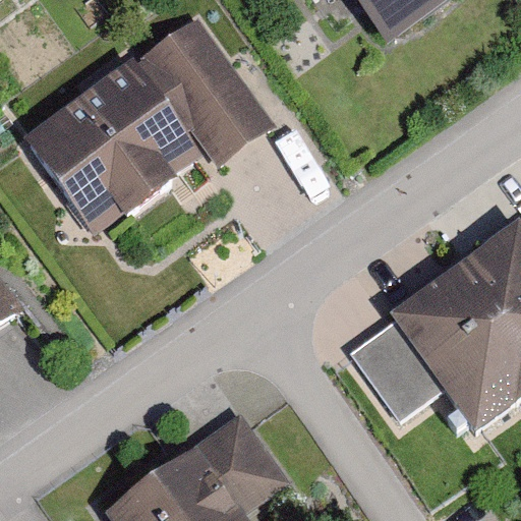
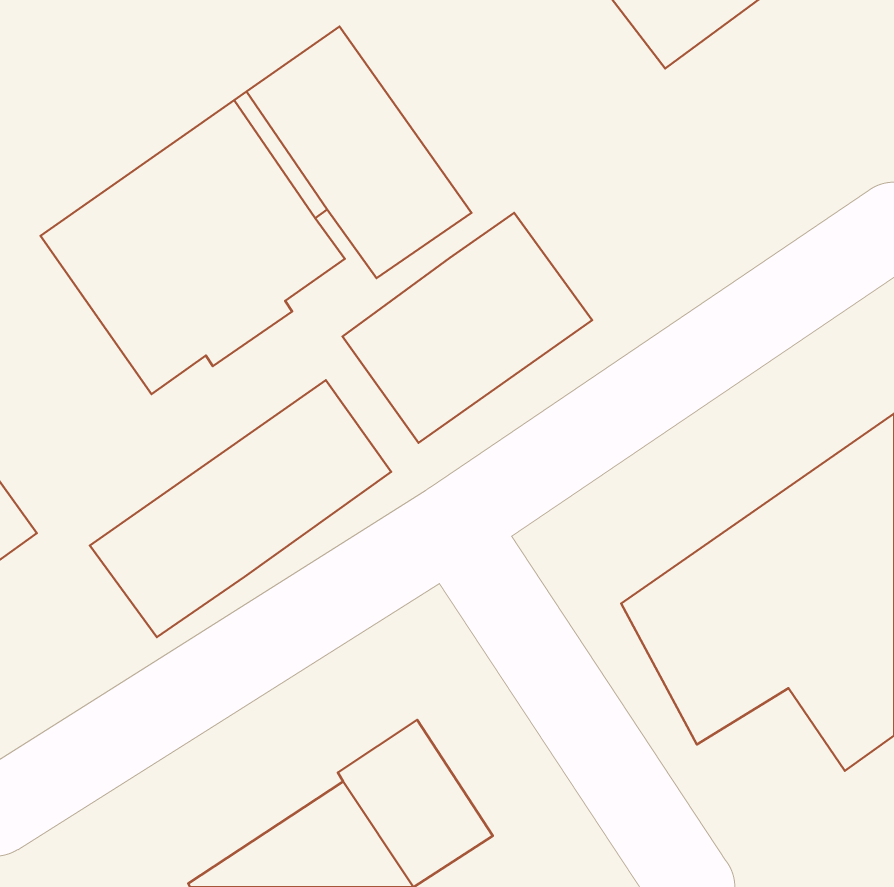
building: none -> [343,213,592,443]
building: none -> [90,380,391,637]

